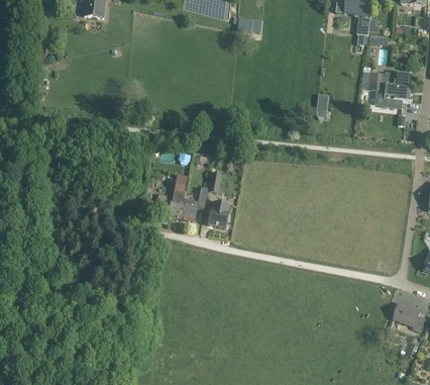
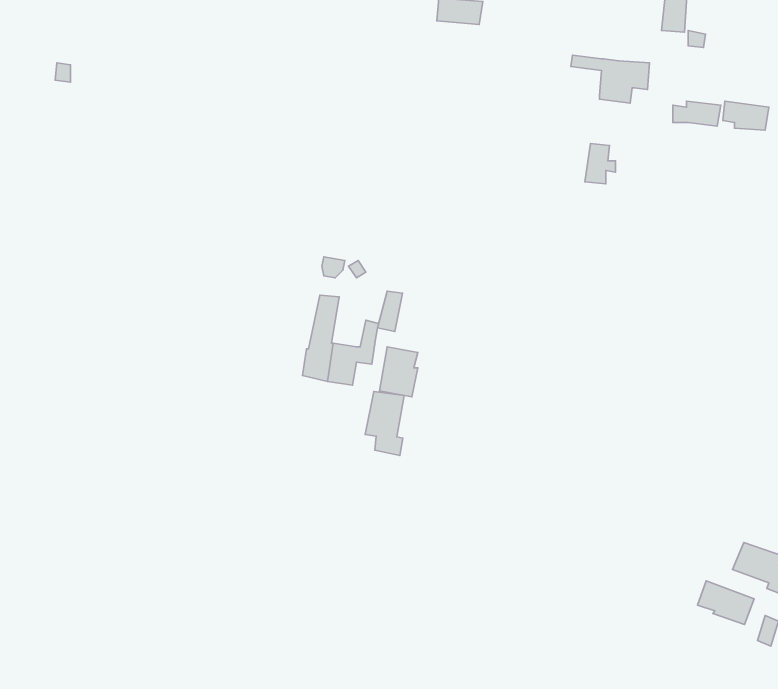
building: [368,83,410,108] -> [571,55,649,103]
building: none -> [365,392,404,456]
building: none -> [697,581,754,625]

